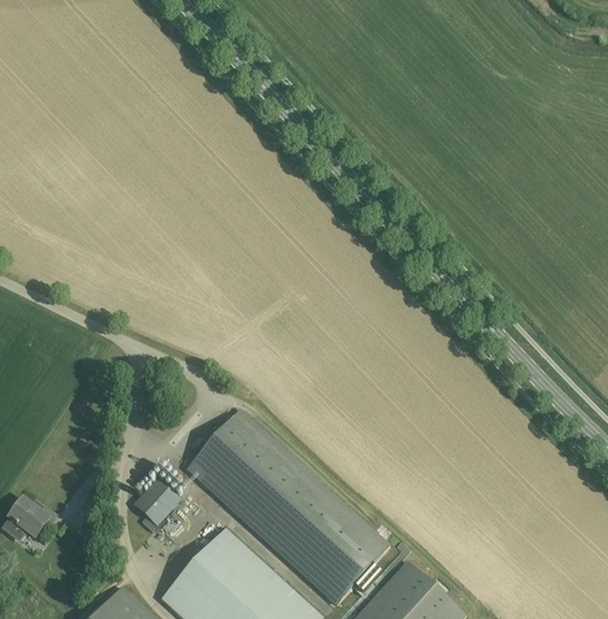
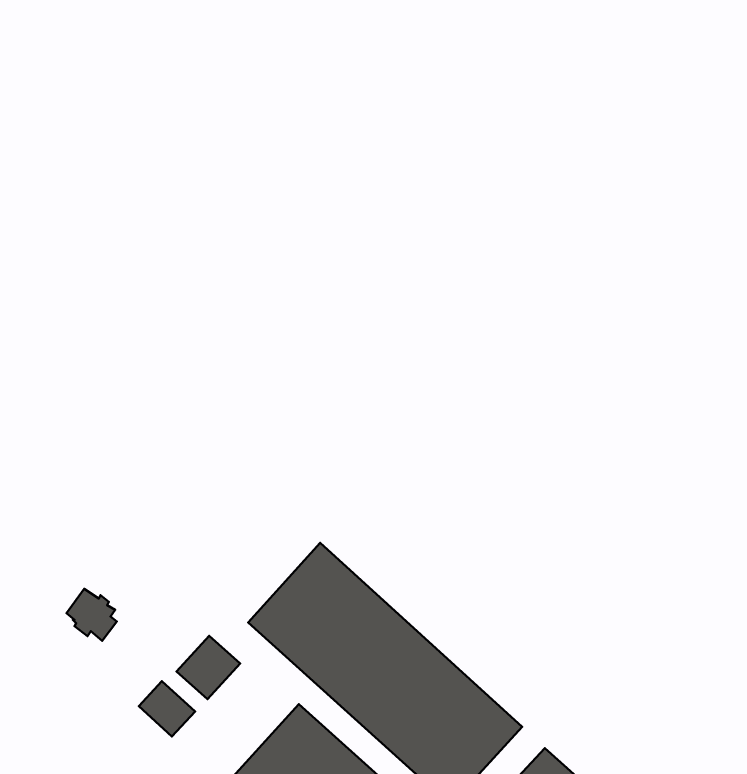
building: [8,499,46,538] -> [66,589,117,641]
building: none -> [139,681,195,736]

